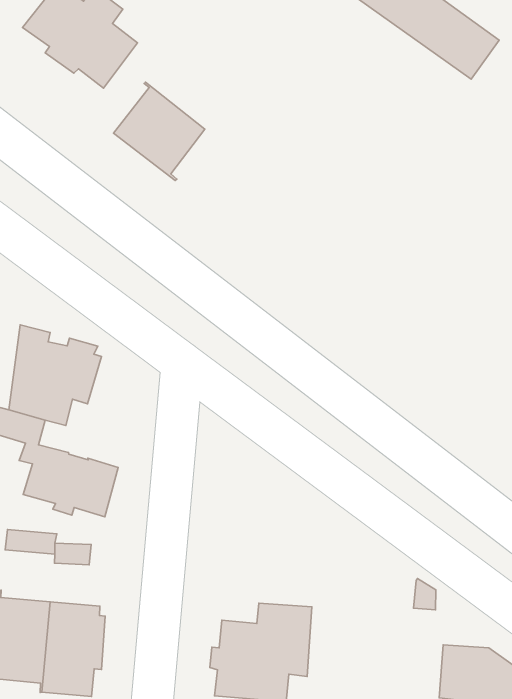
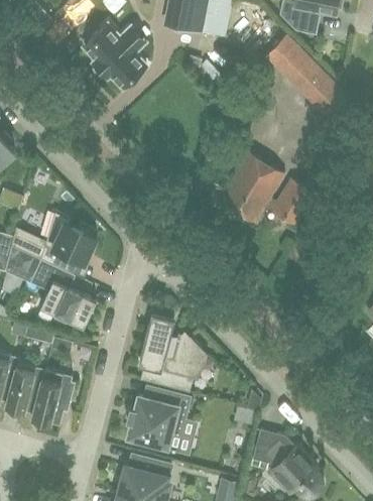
building: [114,82,205,180] -> none
building: none -> [218,151,316,225]
building: none -> [139,315,209,393]

